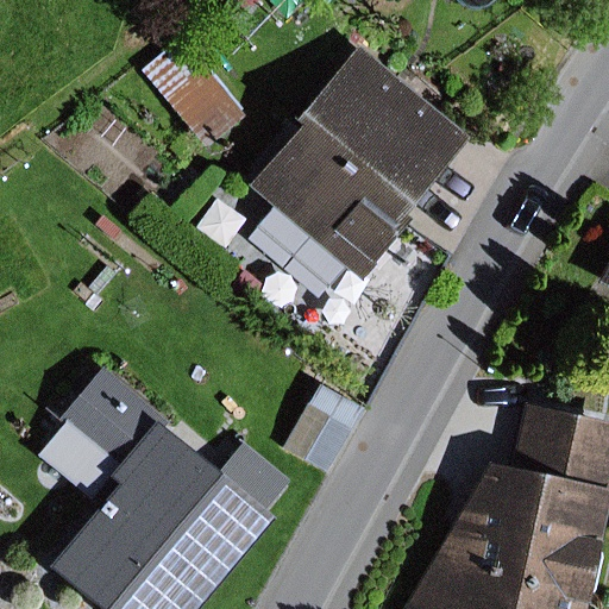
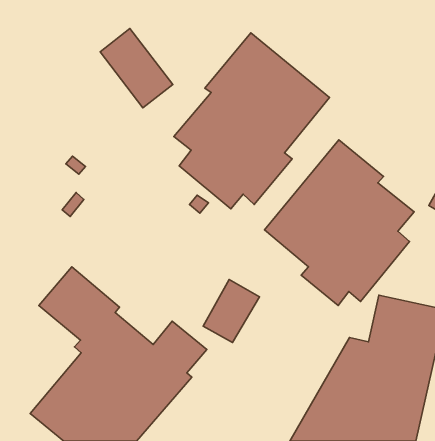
building: none -> [265,140,414,306]

